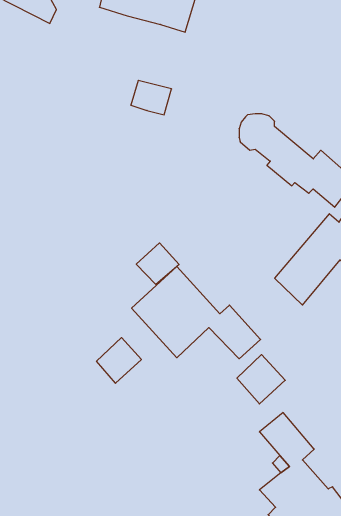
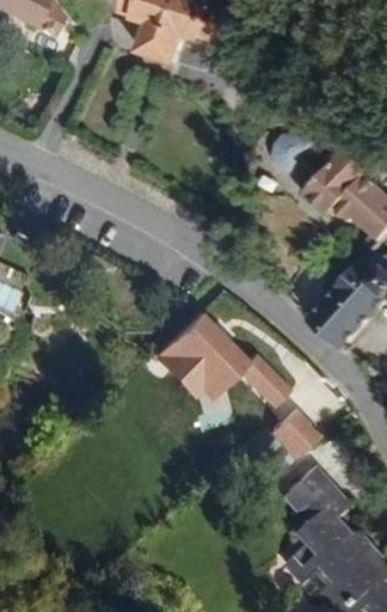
building: [131,80,172,115] -> [140,29,185,67]
building: [136,243,179,285] -> none
building: [97,338,141,383] -> none

